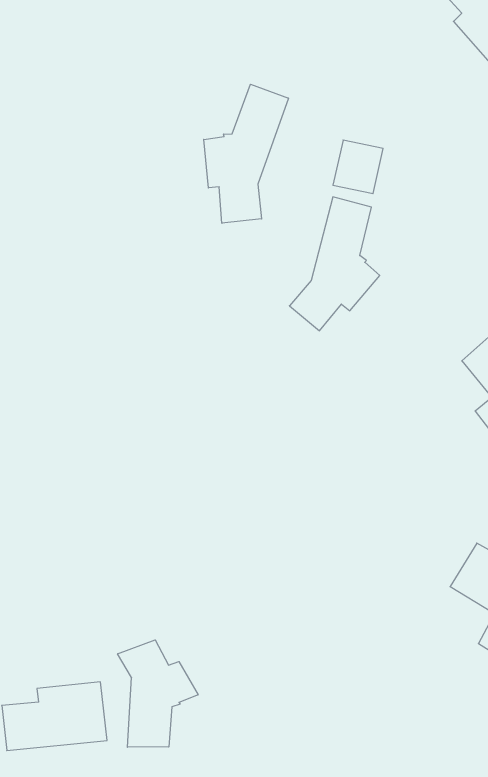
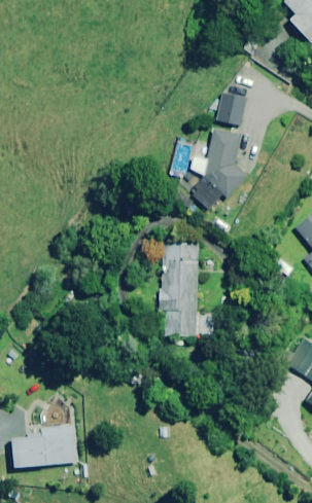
building: [204,84,288,223] -> none
building: none -> [159,243,214,336]
building: [118,640,198,747] -> none

